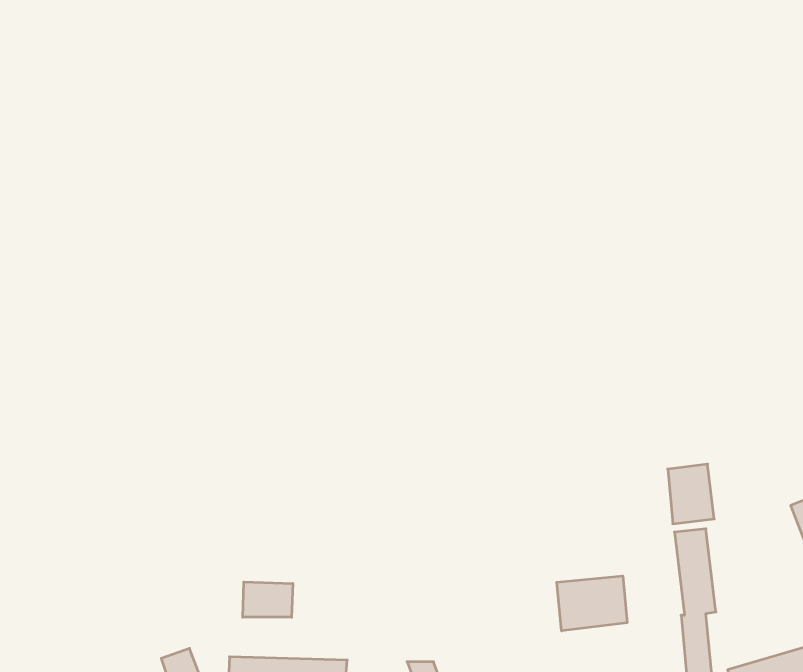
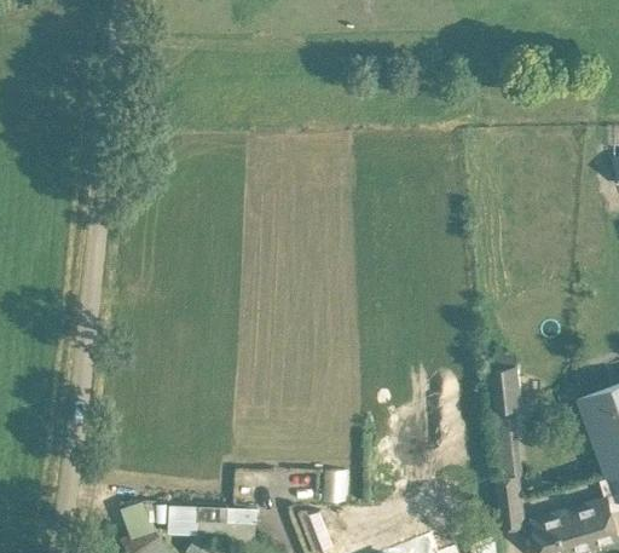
building: [557,576,627,631] -> none
building: [243,582,293,617] -> none

